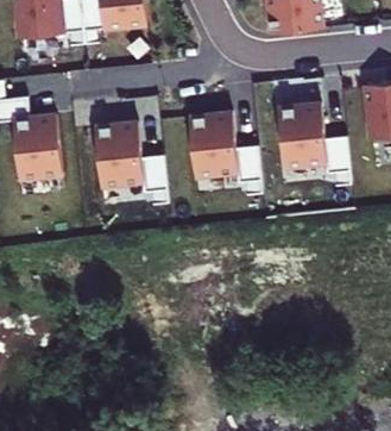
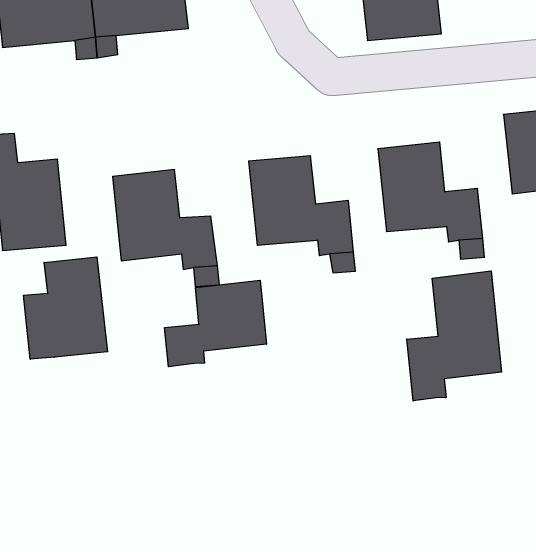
building: none -> [24,257,108,359]
building: none -> [407,271,501,401]
building: none -> [165,280,266,367]

